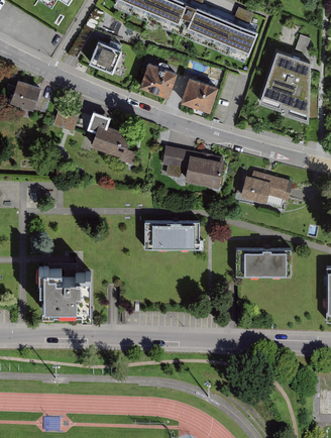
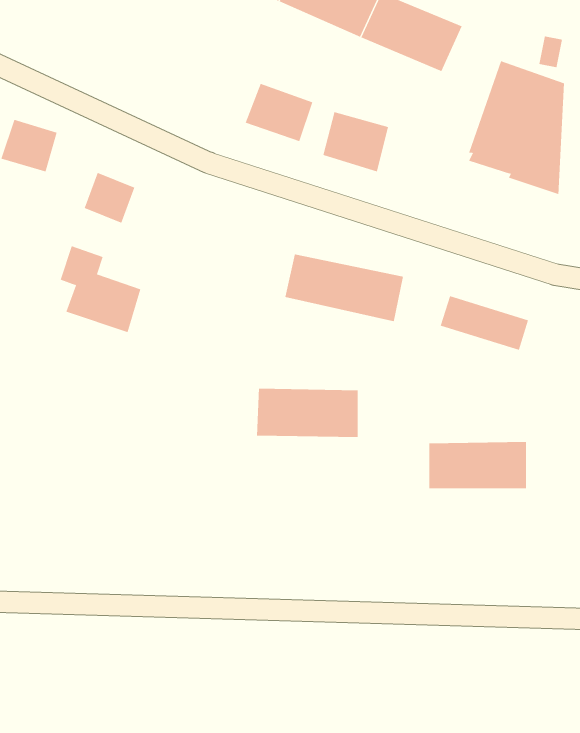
building: [89,42,121,73] -> none
building: [87,110,130,156] -> [60,246,141,333]
building: [41,272,93,313] -> none

